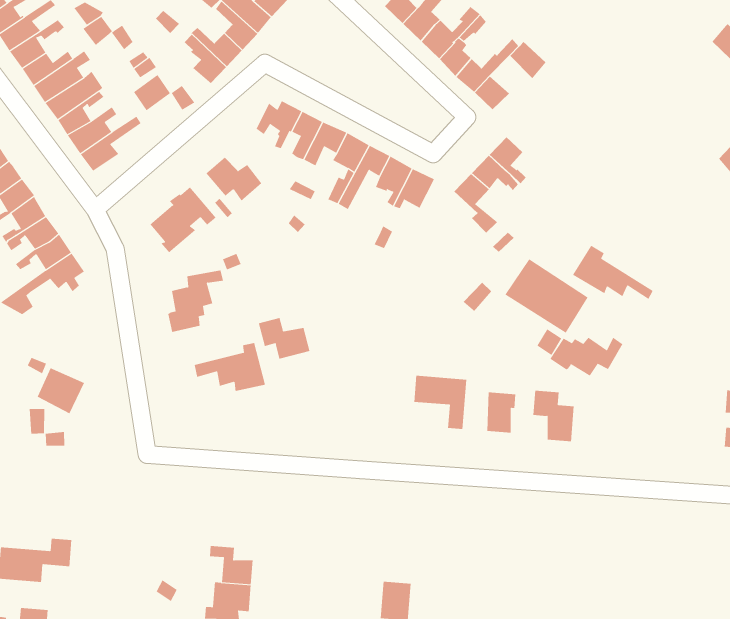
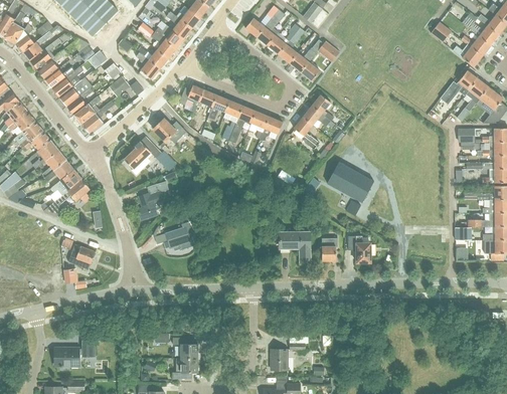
building: [572,245,654,300] -> none
building: [258,317,310,359] -> none
building: [549,337,623,376] -> none

